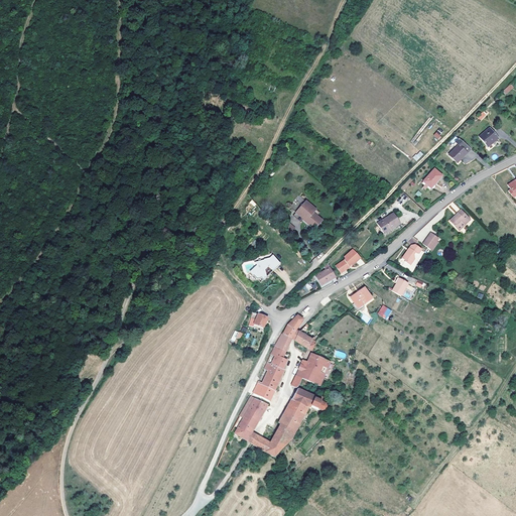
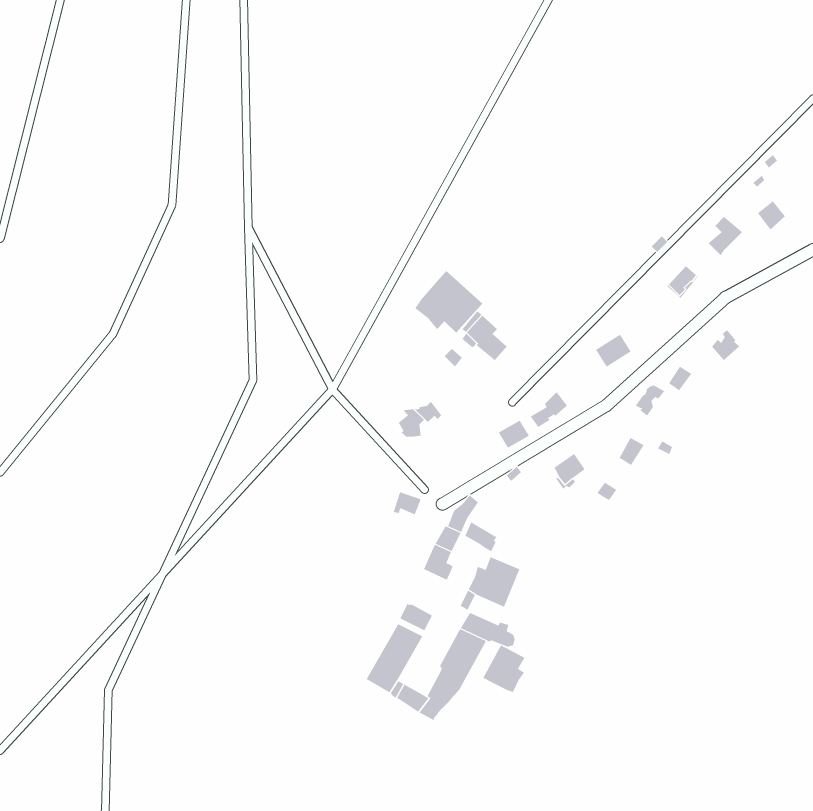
building: none -> [415,270,483,334]
building: [261,361,284,390] -> none
building: none -> [483,645,525,693]

